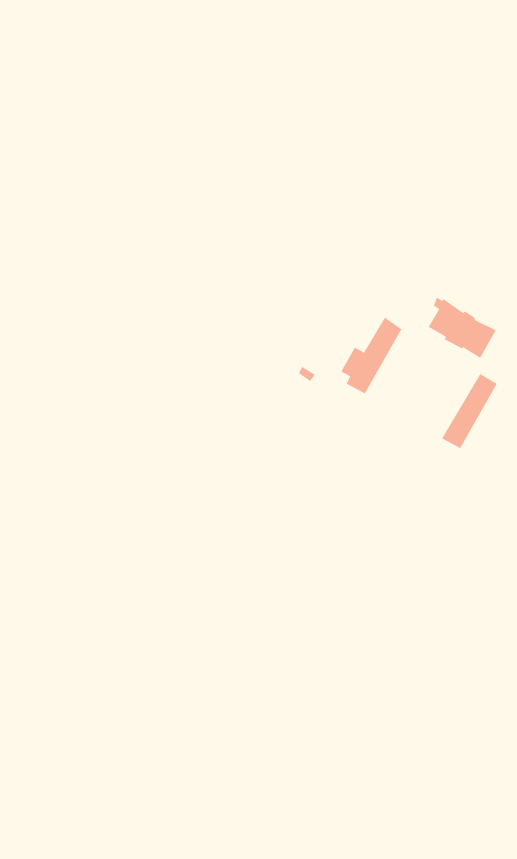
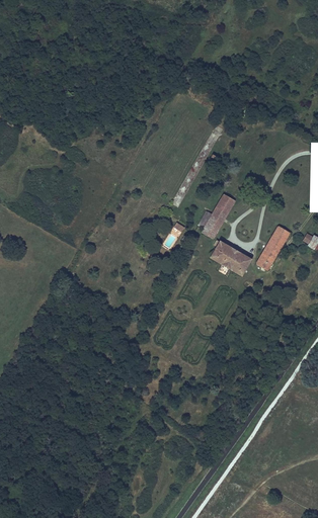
building: [428,297,497,358] -> [211,239,250,274]

